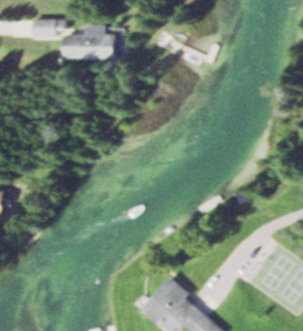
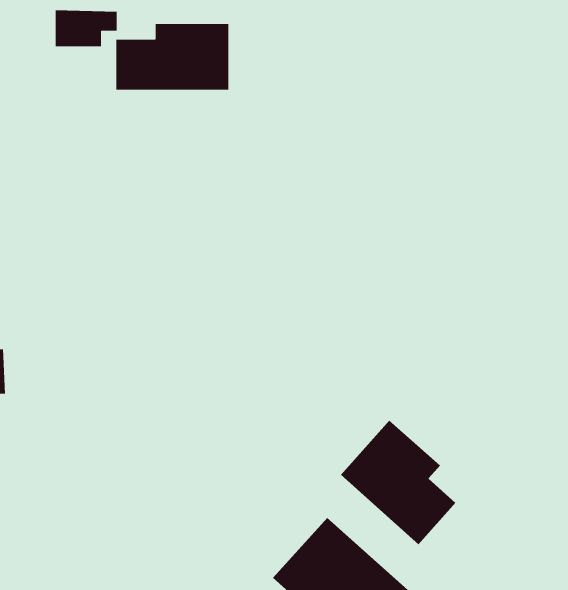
building: none -> [340,420,456,545]

